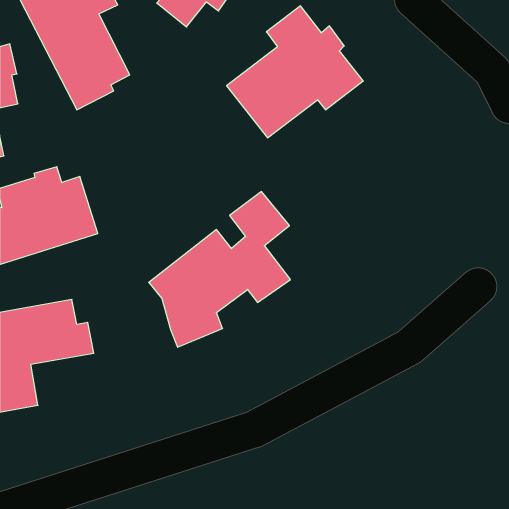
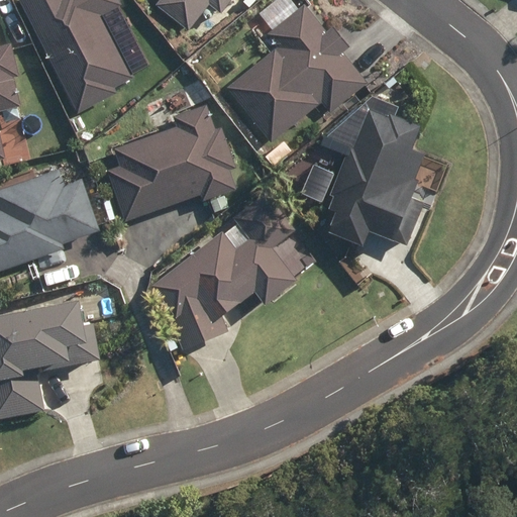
building: none -> [109,106,234,218]
building: none -> [324,111,419,247]

